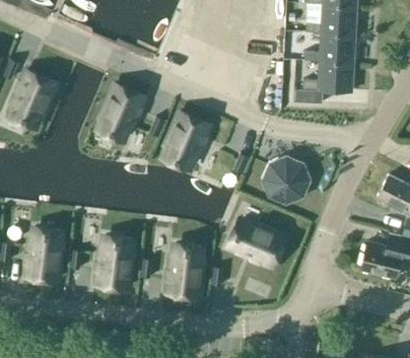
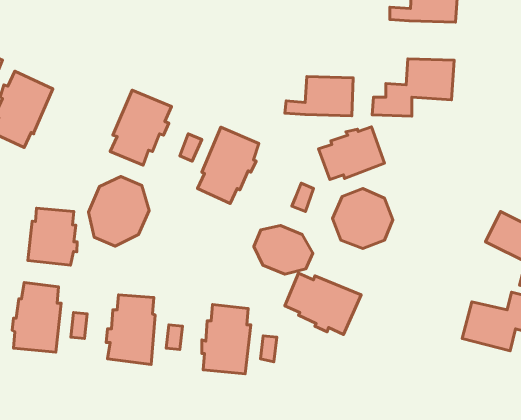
building: [304,33,355,63] -> [285,76,353,116]
building: none -> [318,127,385,179]
building: none -> [89,177,149,246]
building: none -> [28,208,77,265]
building: none -> [254,226,313,274]

